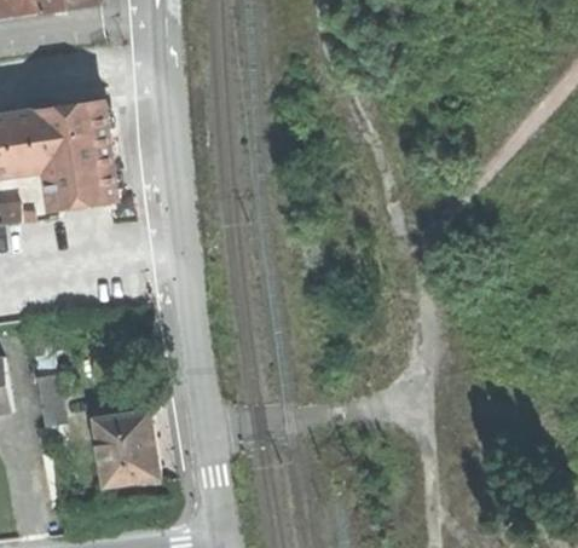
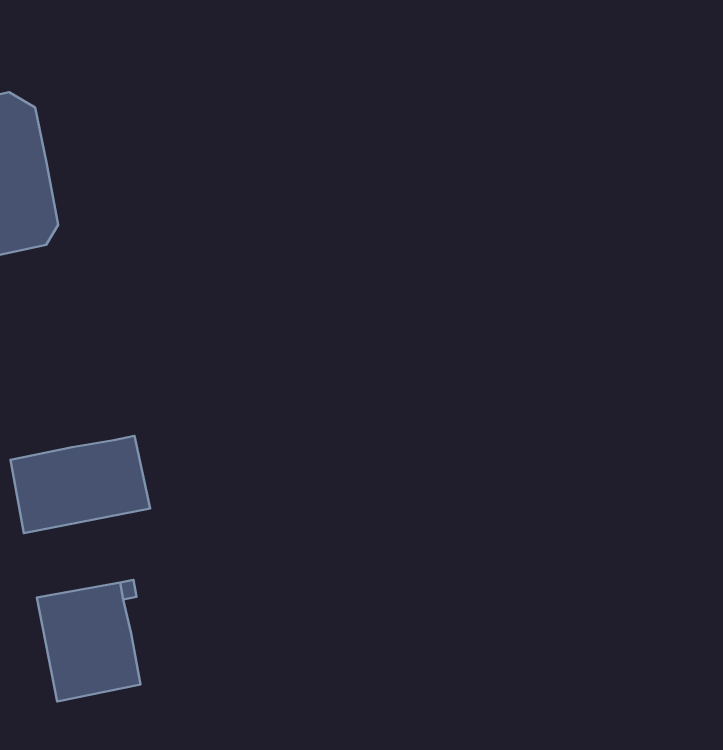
building: none -> [10,436,150,533]

